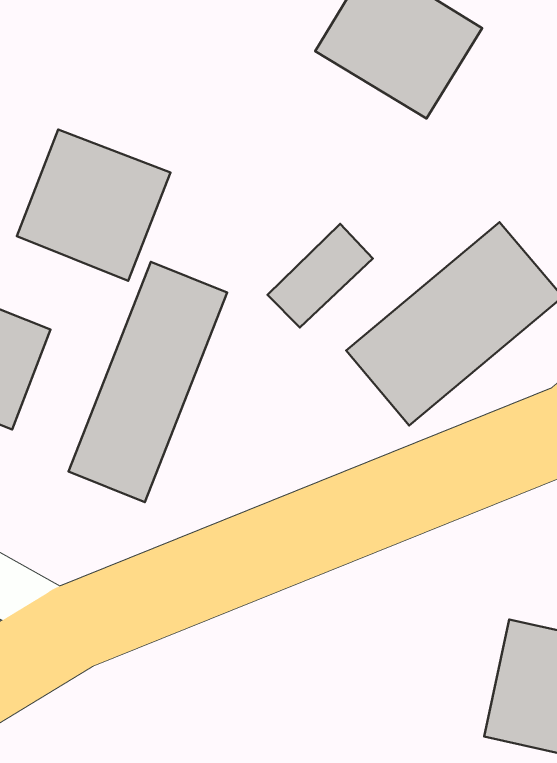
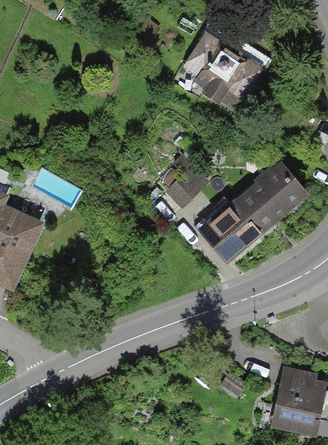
building: [17,129,171,281] -> none
building: [69,262,227,502] -> none

